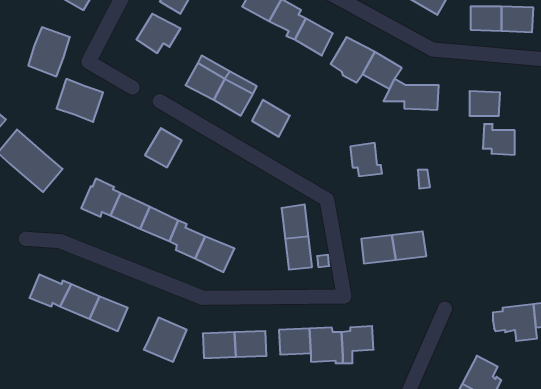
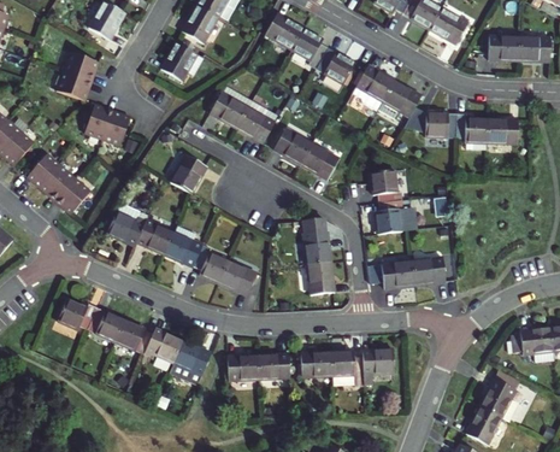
building: none -> [301,142,340,177]
building: [483,124,515,155] -> [456,112,488,142]
building: none -> [376,199,411,233]
building: none -> [143,330,183,362]

